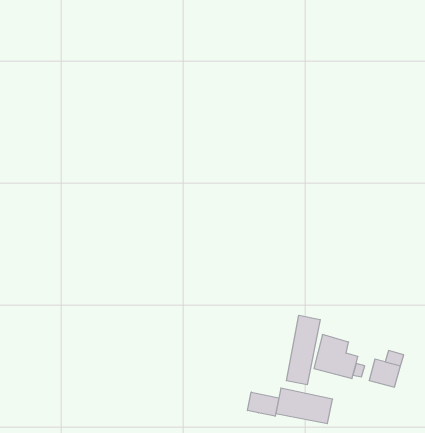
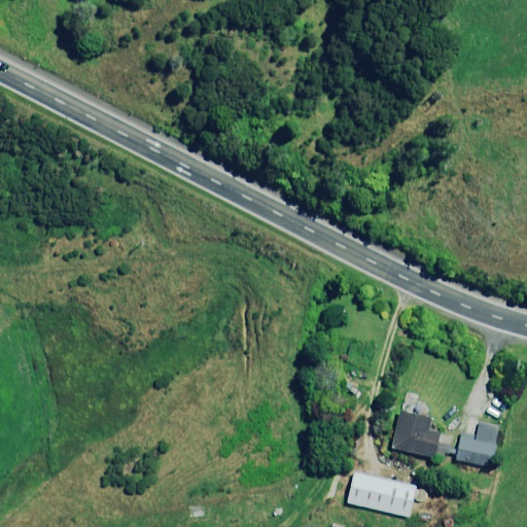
building: [286,315,320,385] -> none
building: [248,392,279,416] -> none

